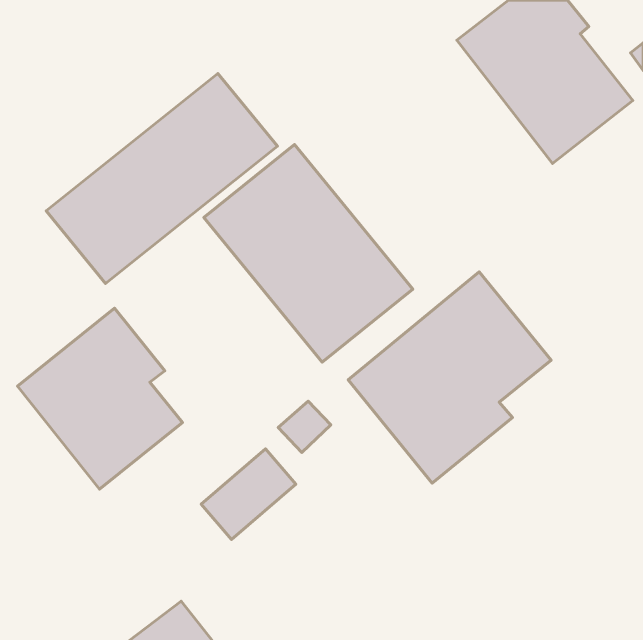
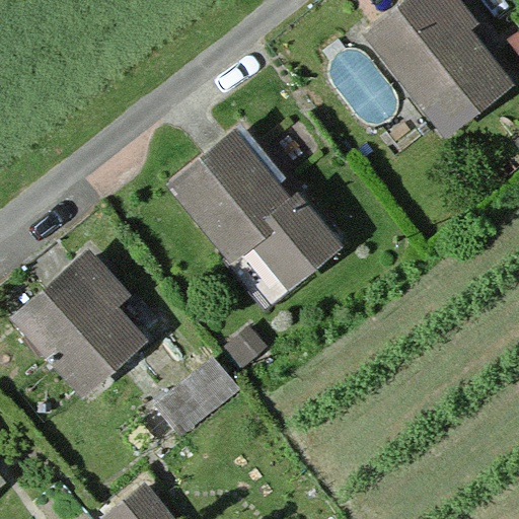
building: [46,73,277,284] -> none
building: [348,272,551,483] -> none

